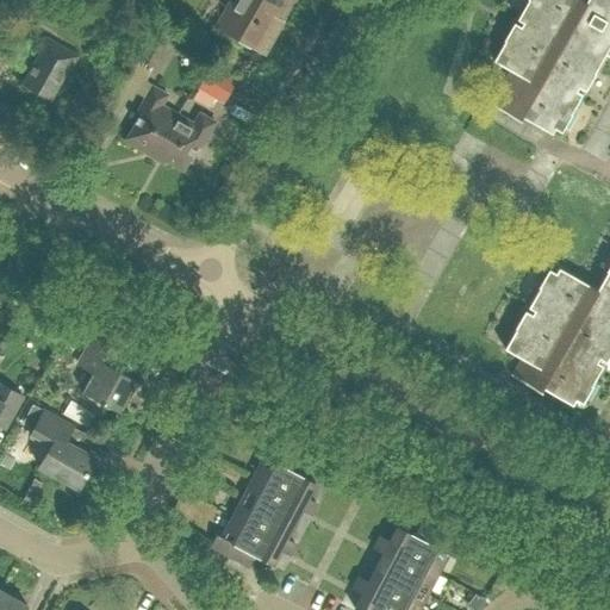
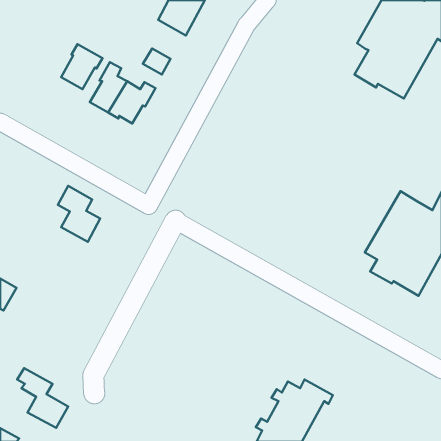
building: [23,38,80,100] -> [61,44,103,89]
building: [79,336,137,413] -> [58,186,100,242]
building: [25,406,95,488] -> [17,368,68,428]
building: [210,443,316,568] -> none

